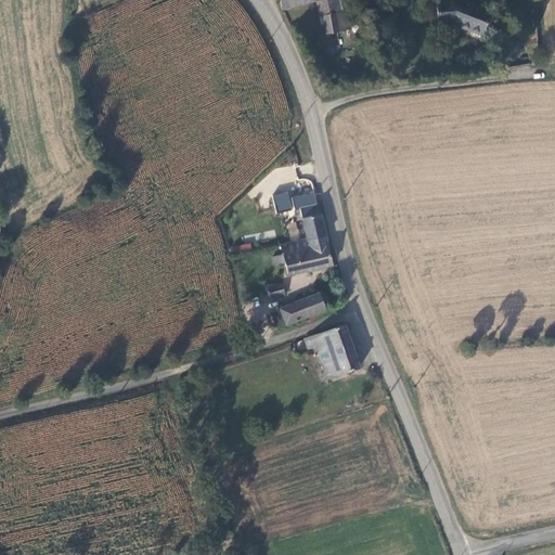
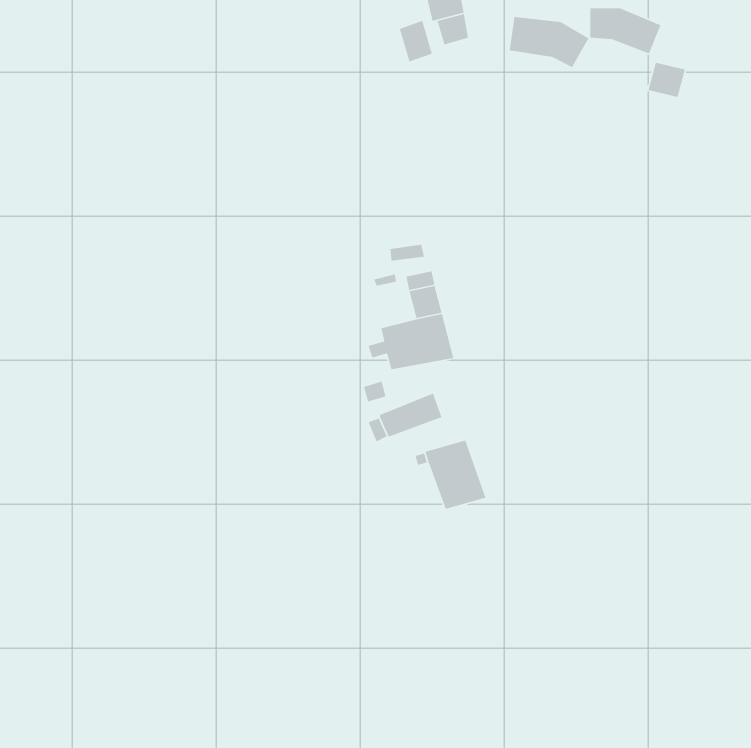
building: none -> [509,16,589,68]
building: none -> [399,20,433,62]
building: none -> [647,62,686,98]

